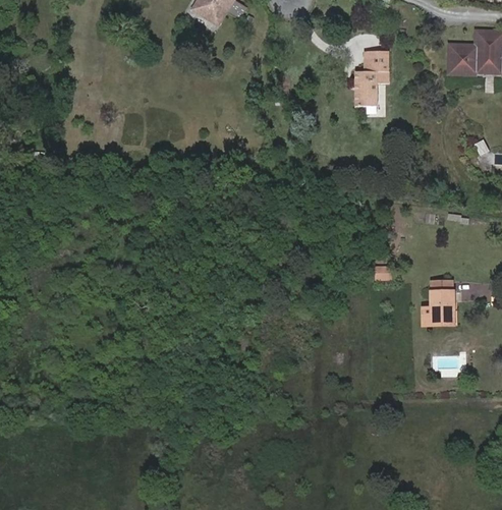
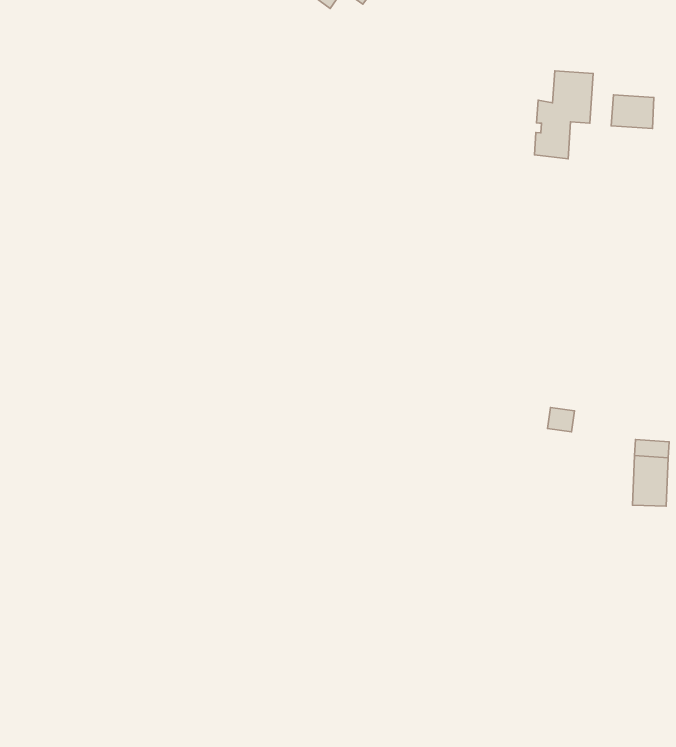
building: none -> [611,95,654,129]

